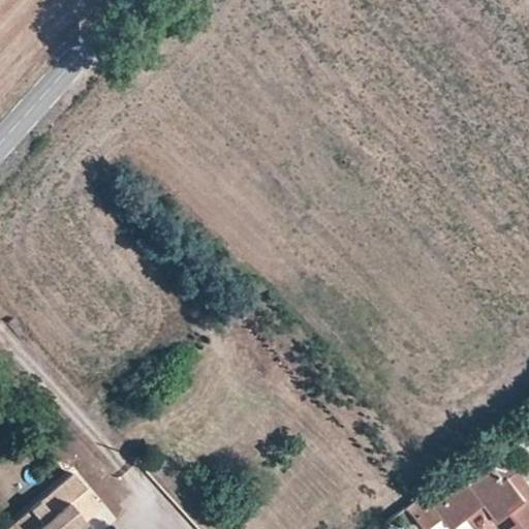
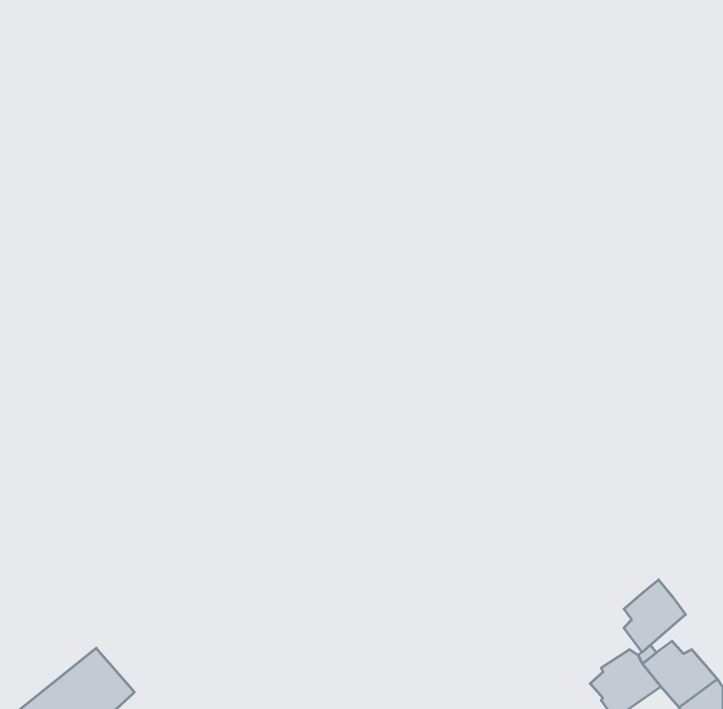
building: none -> [624,580,686,652]

